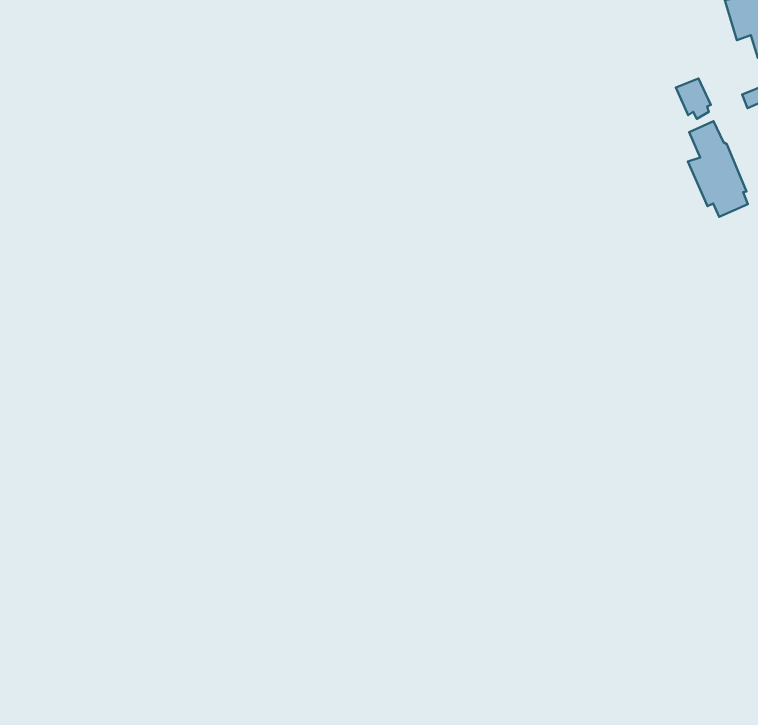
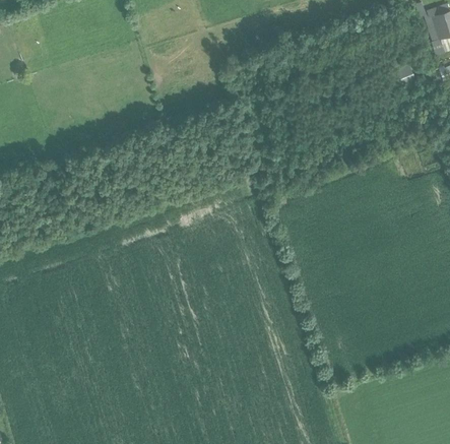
building: [688,121,748,217] -> none

